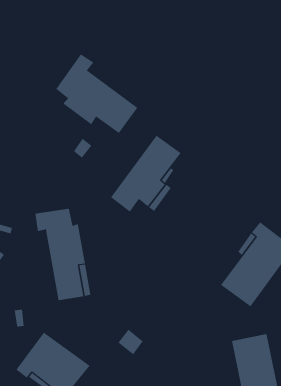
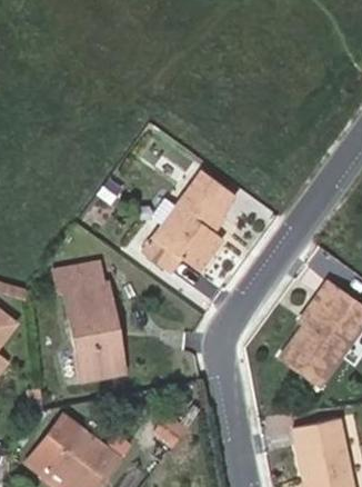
building: [55,53,138,134] -> none

